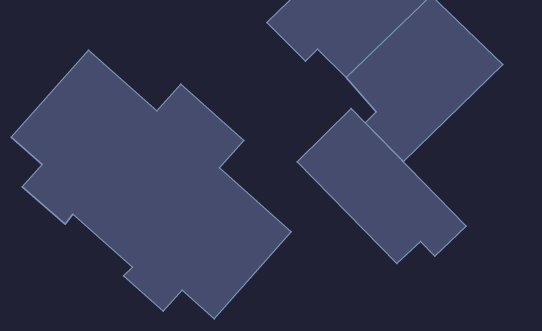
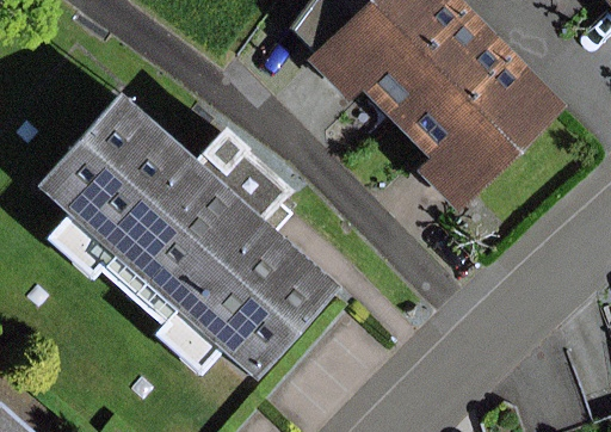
building: [297,108,466,264] -> none

